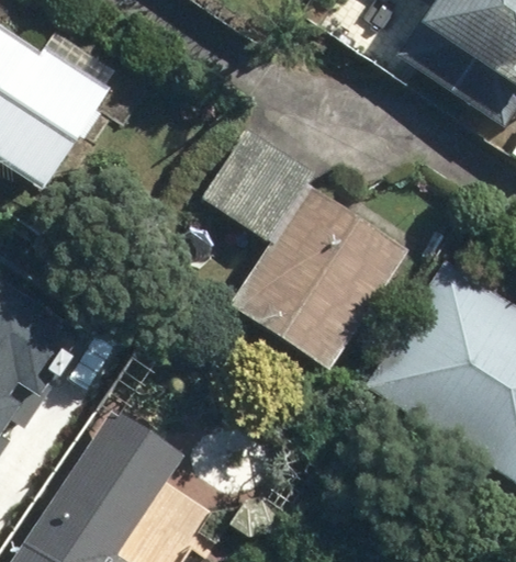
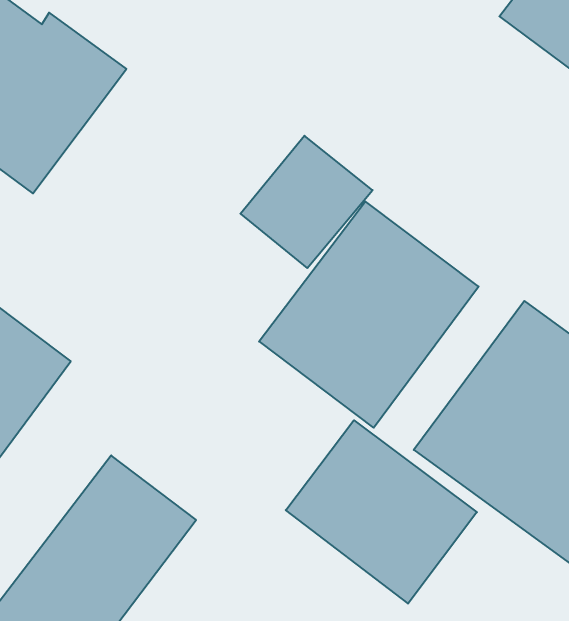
building: none -> [286,420,477,604]

